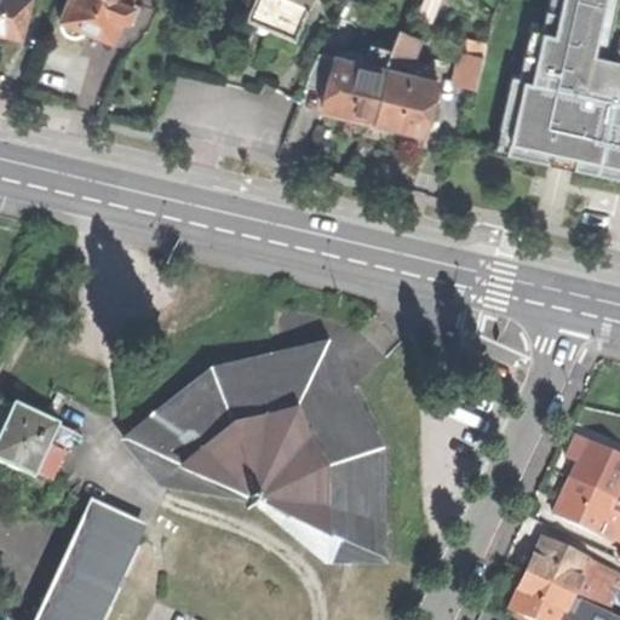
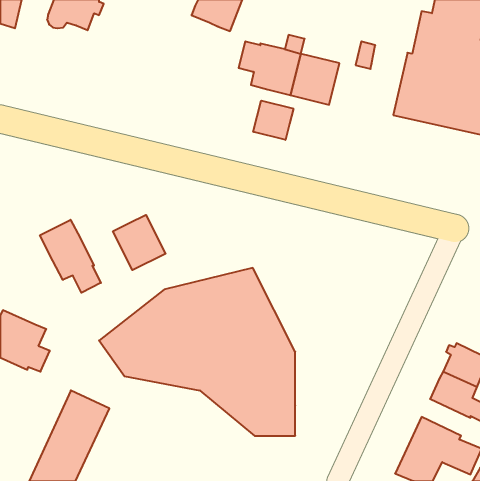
building: none -> [253,101,293,140]
building: none -> [113,215,166,270]
building: none -> [40,220,101,293]

